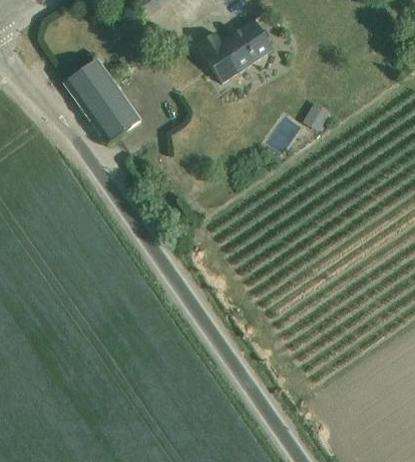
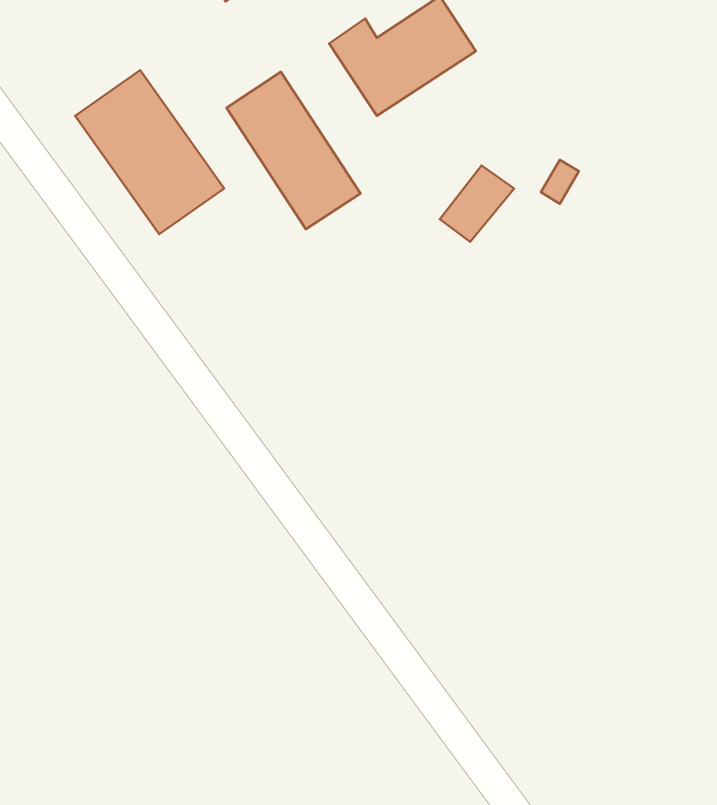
building: none -> [226,72,360,229]

